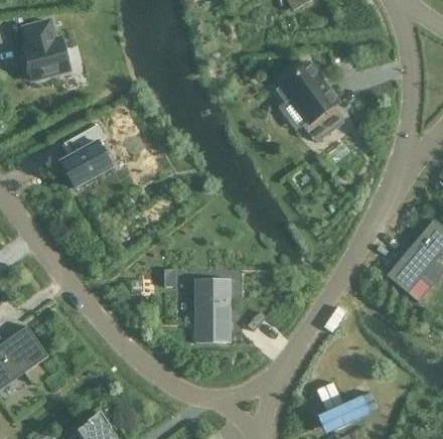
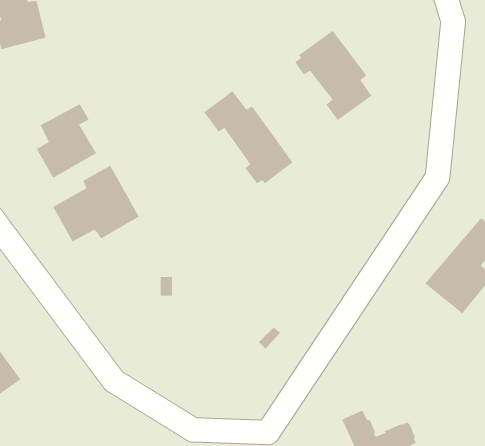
building: none -> [203,90,294,185]
building: none -> [52,164,140,243]
building: [193,278,231,342] -> none

